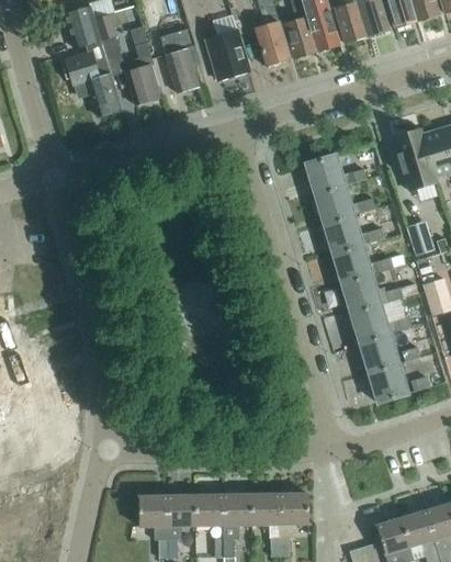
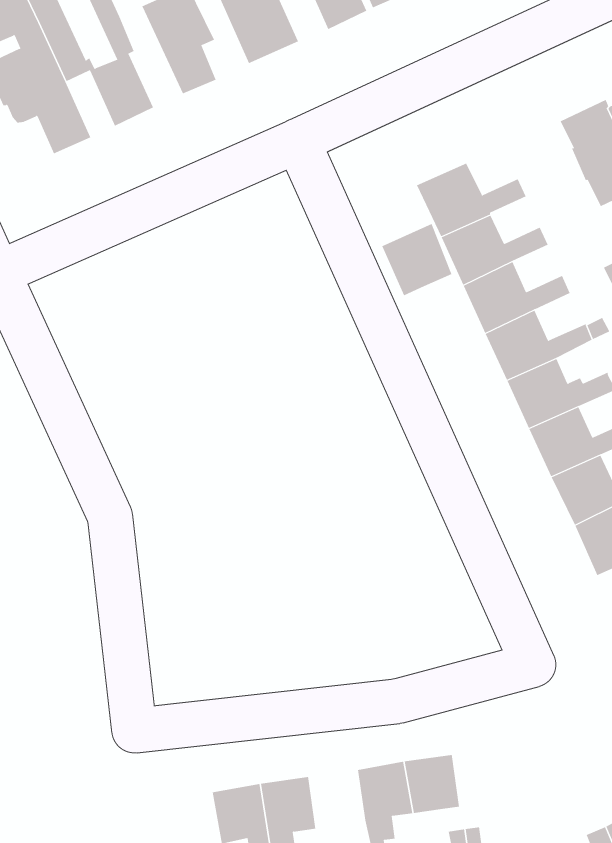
building: none -> [381,223,452,296]
building: [280,493,308,525] -> none
building: [195,495,224,526] -> none

